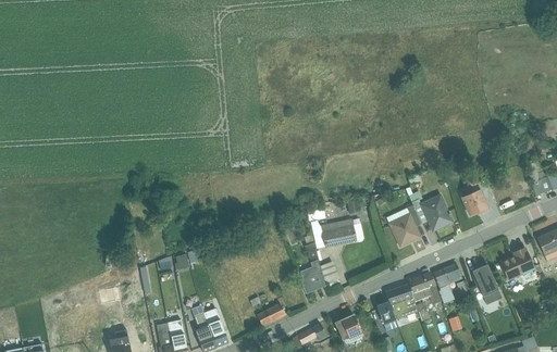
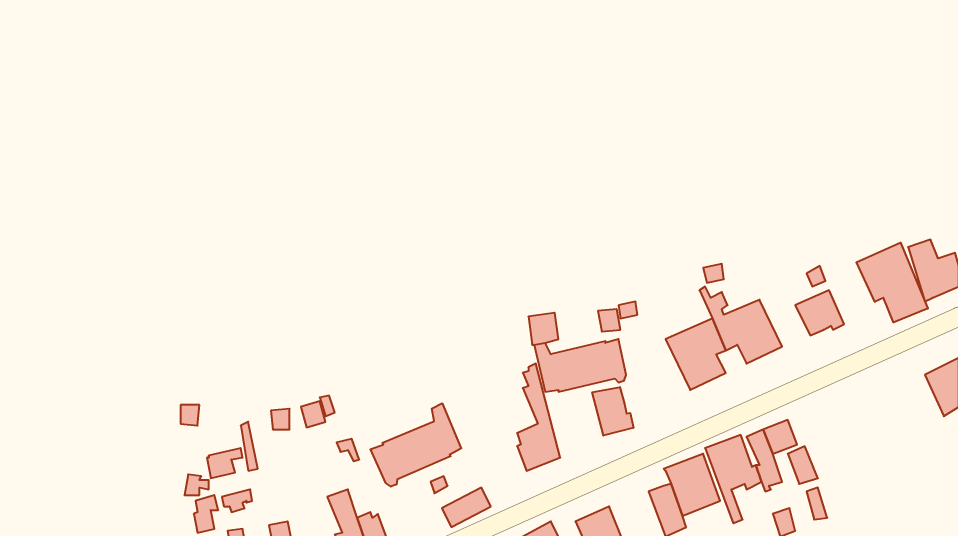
building: none -> [856,243,928,322]
building: none -> [592,387,633,436]
building: [500,248,539,285] -> none
building: none -> [370,403,461,487]
building: [471,264,503,305] -> none

